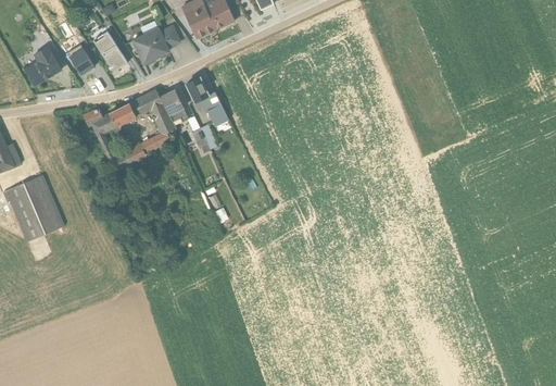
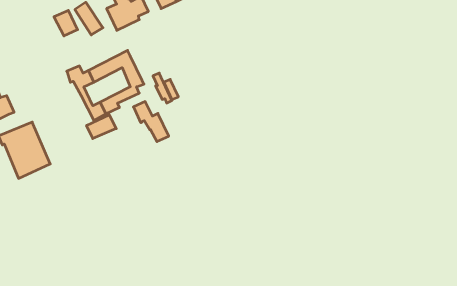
building: [24,46,61,85] -> none
building: [186,77,228,125] -> [133,102,169,142]
building: [160,88,189,125] -> none
building: none -> [87,115,116,139]

